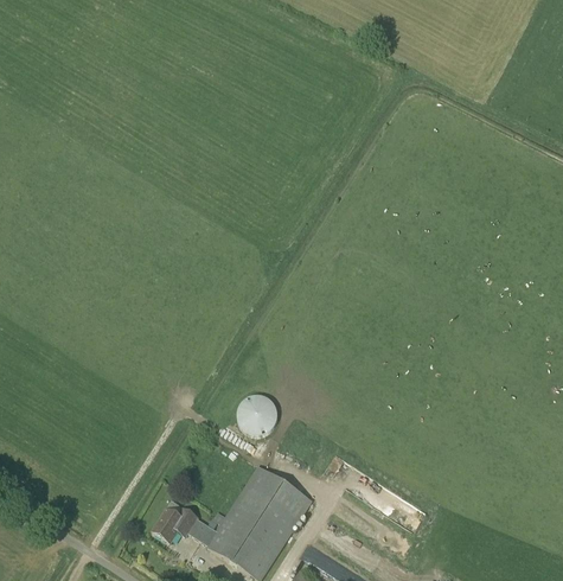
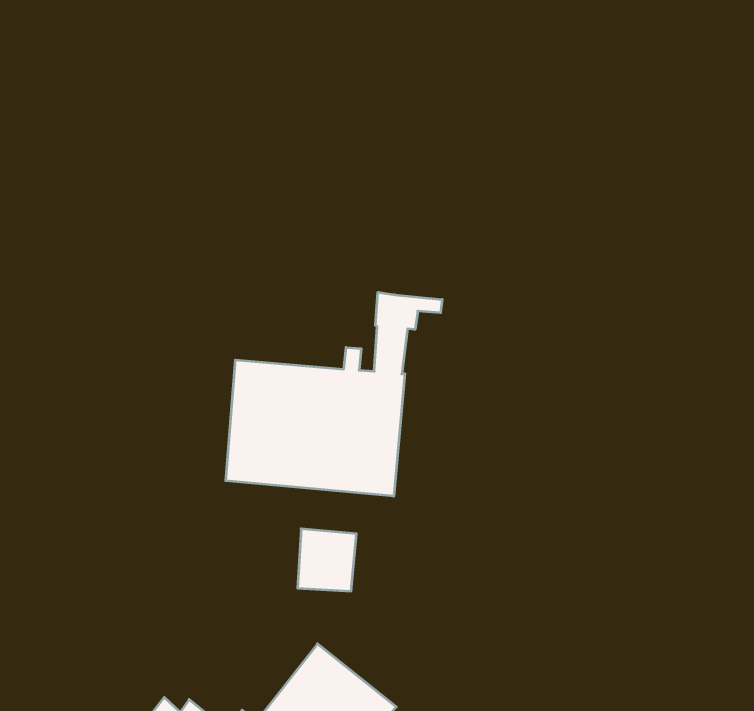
building: none -> [226,292,442,496]

